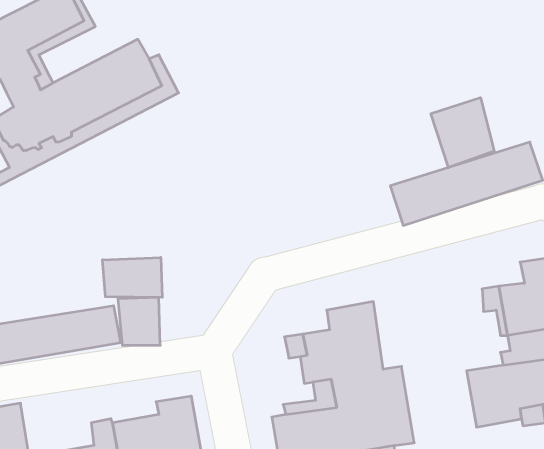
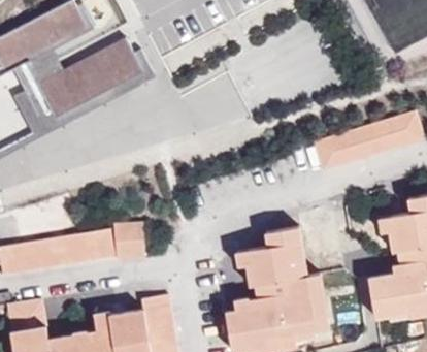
building: [431,98,494,168] -> none
building: [103,257,162,297] -> none

